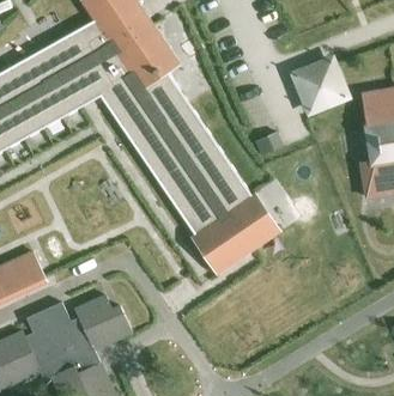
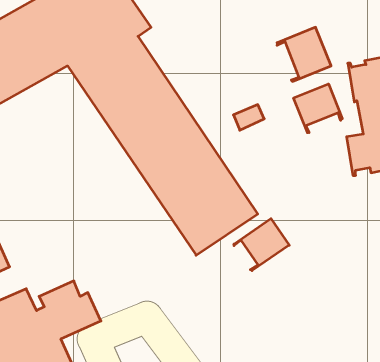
building: none -> [294,84,342,133]
building: none -> [234,219,289,271]

